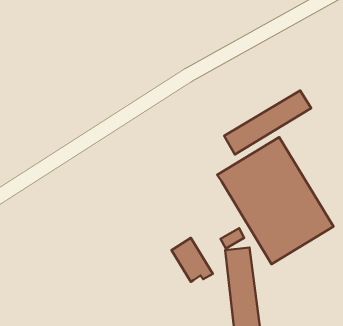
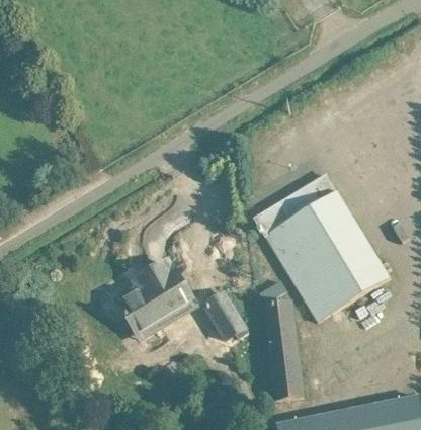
building: [224,91,311,154] -> none
building: none -> [116,261,197,343]

